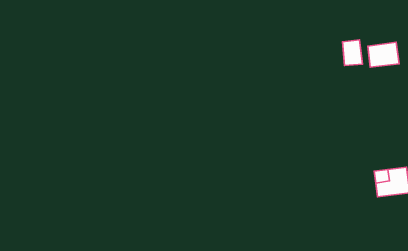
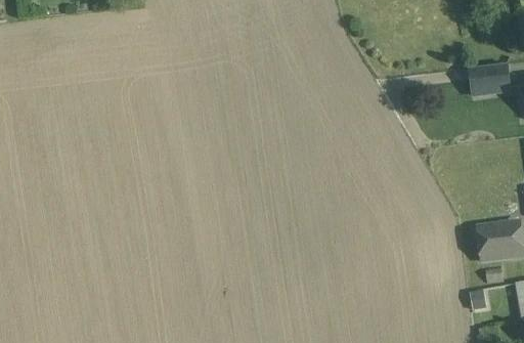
building: [343,40,362,66] -> none

